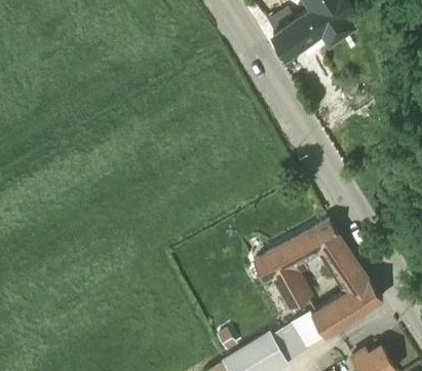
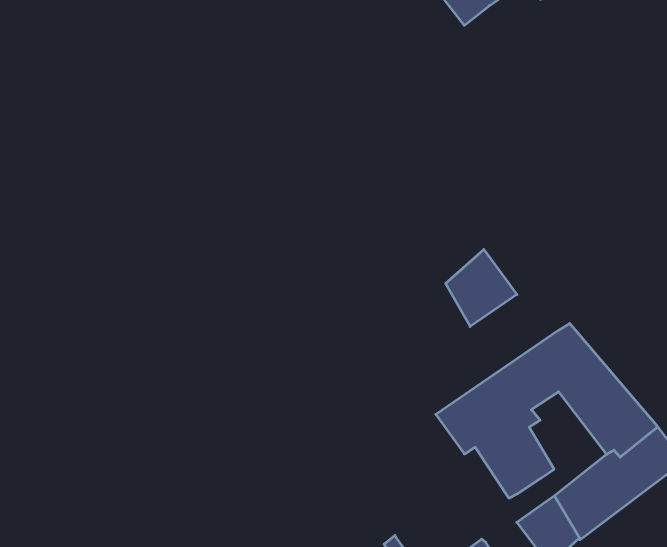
building: none -> [446,249,517,327]

